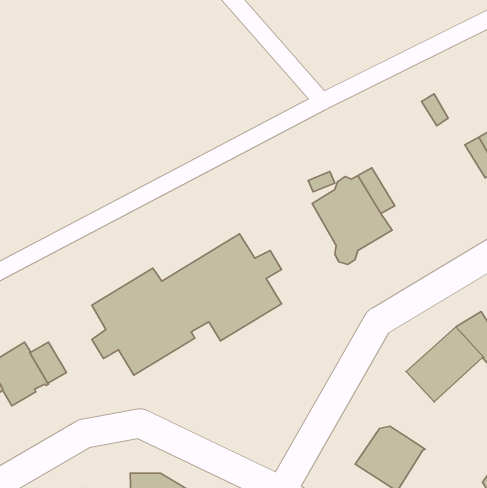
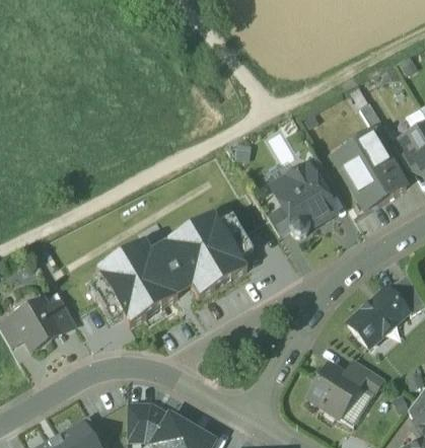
building: none -> [333,131,406,211]
building: none -> [345,359,384,394]

